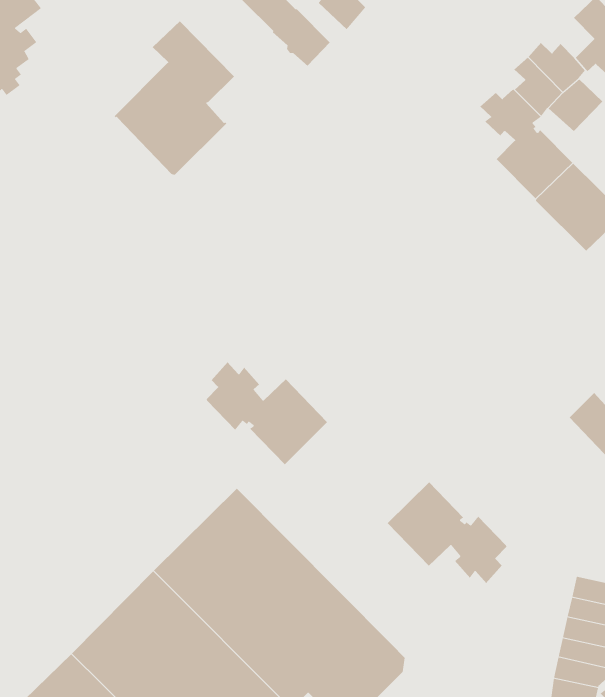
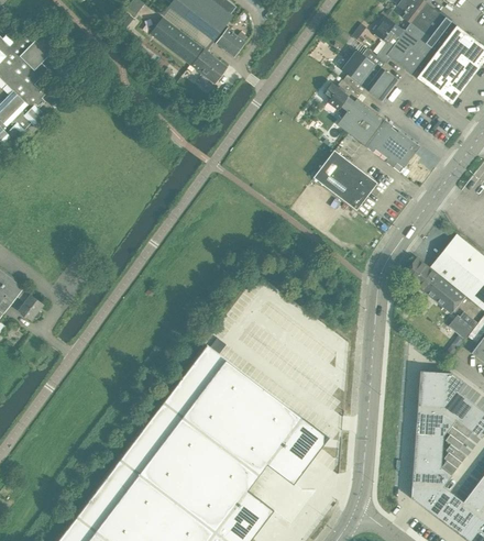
building: [113,21,235,176] -> none
building: none -> [314,151,376,210]
building: [206,361,328,465] -> none
building: [387,481,507,584] -> none

